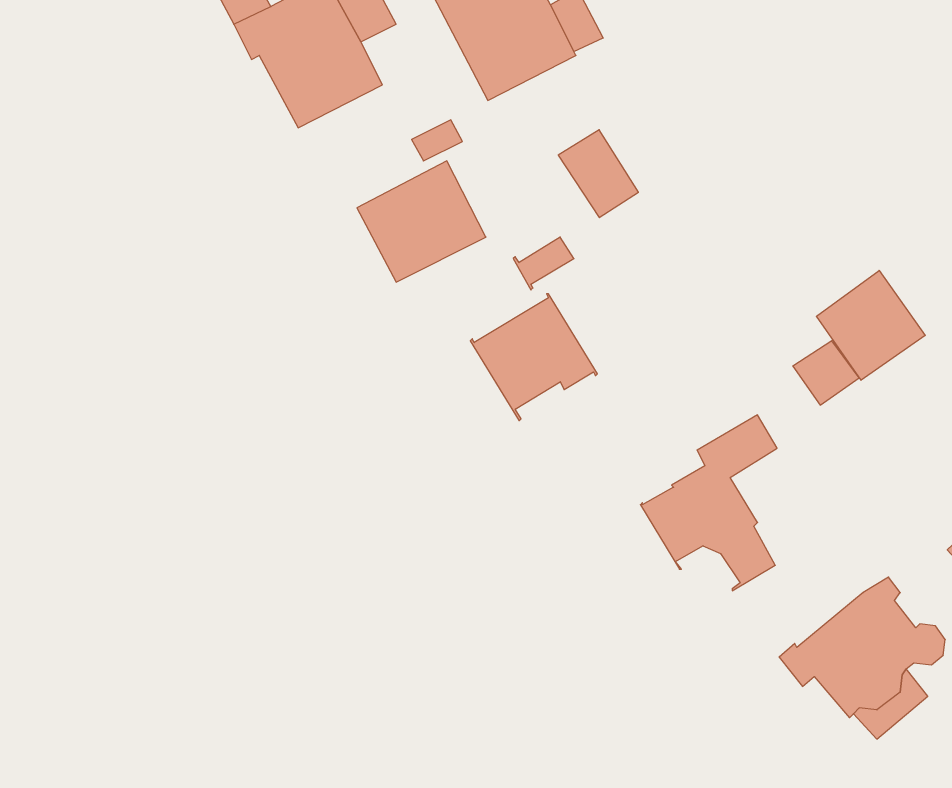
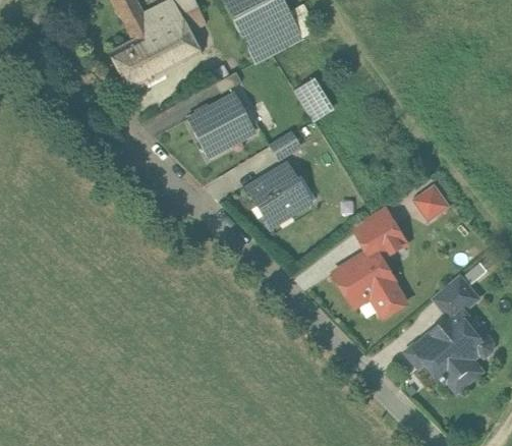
building: none -> [108,38,156,91]
building: [816,270,925,380] -> none
building: none -> [354,210,395,243]
building: none -> [434,277,477,318]

